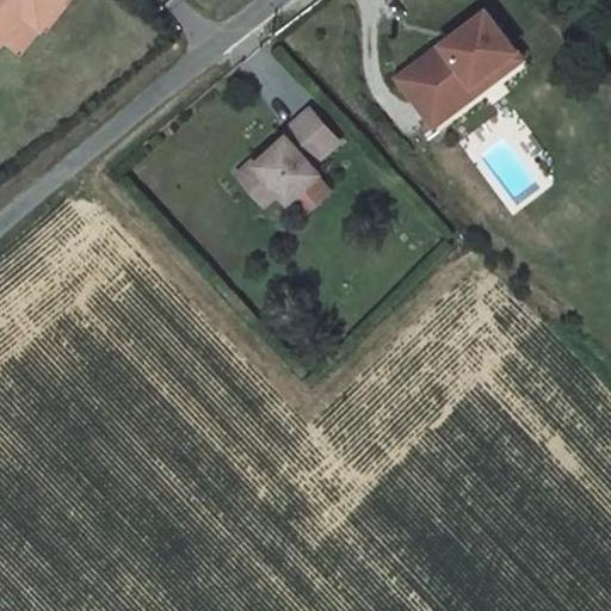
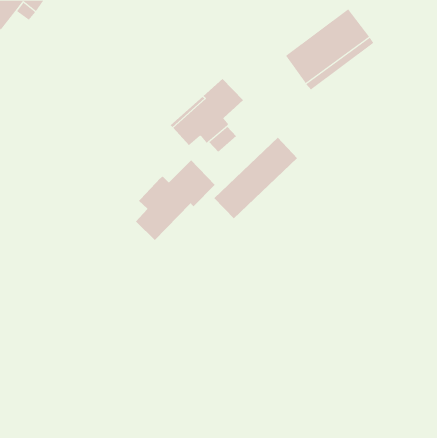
building: none -> [214,137,298,219]
building: none -> [135,159,215,241]

